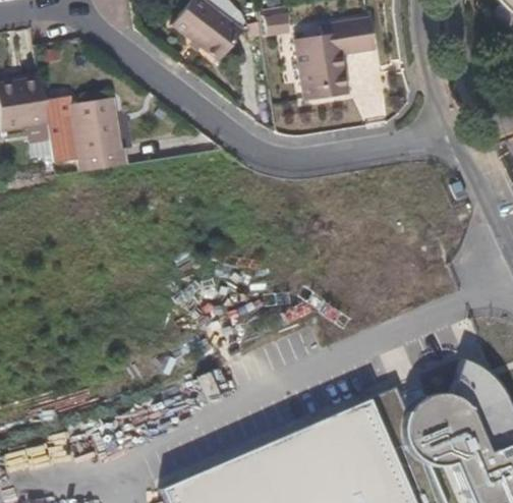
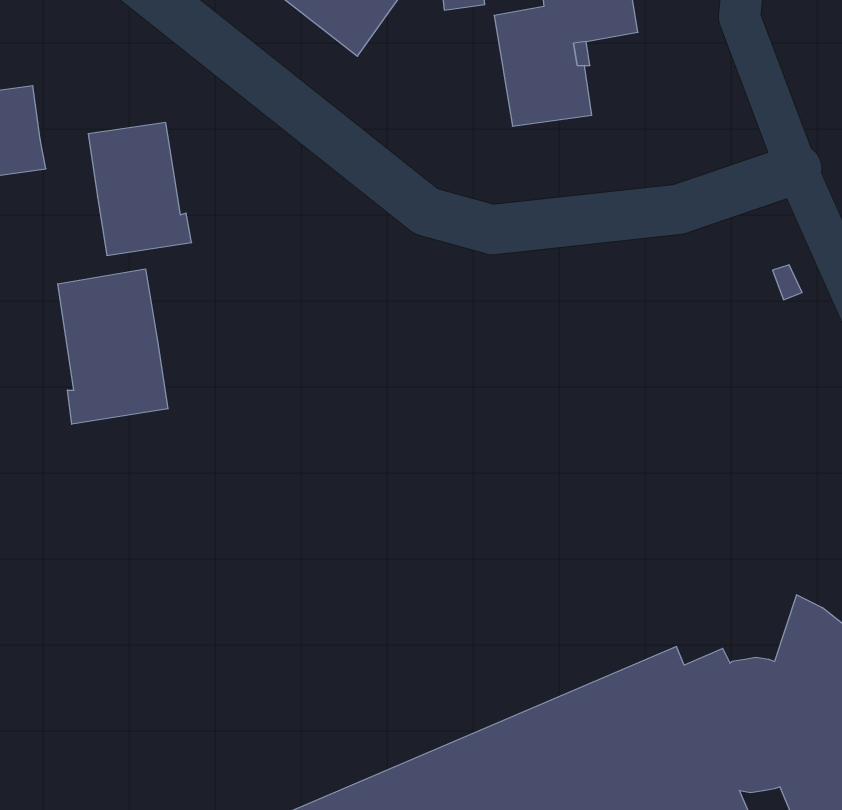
building: [45,105,76,143] -> none
building: none -> [58,269,168,424]

